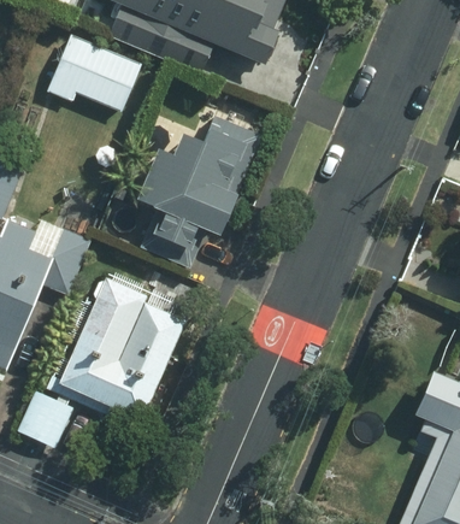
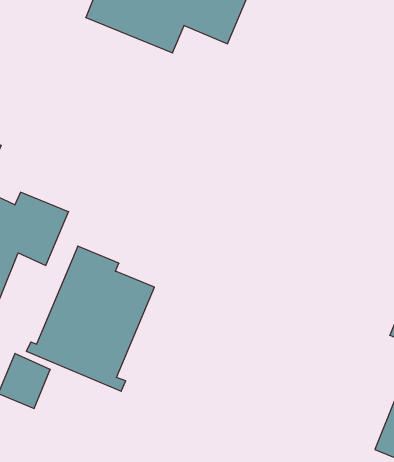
building: [47,34,141,111] -> none
building: [132,114,264,267] -> none

